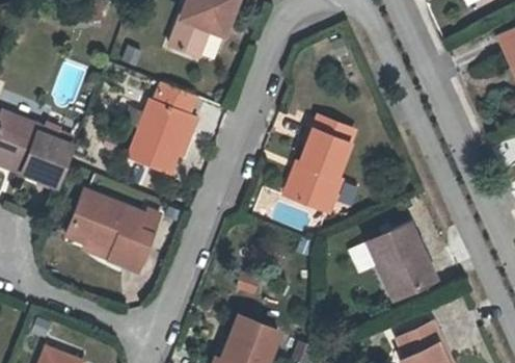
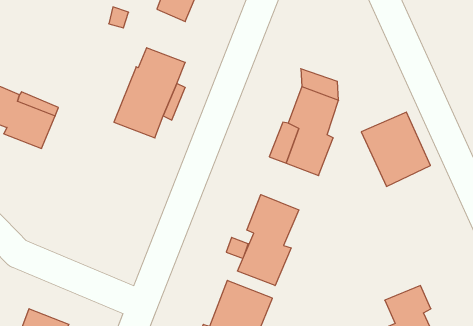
building: [62,189,153,264] -> none
building: [369,226,437,300] -> [361,112,430,186]
building: none -> [238,195,299,286]

